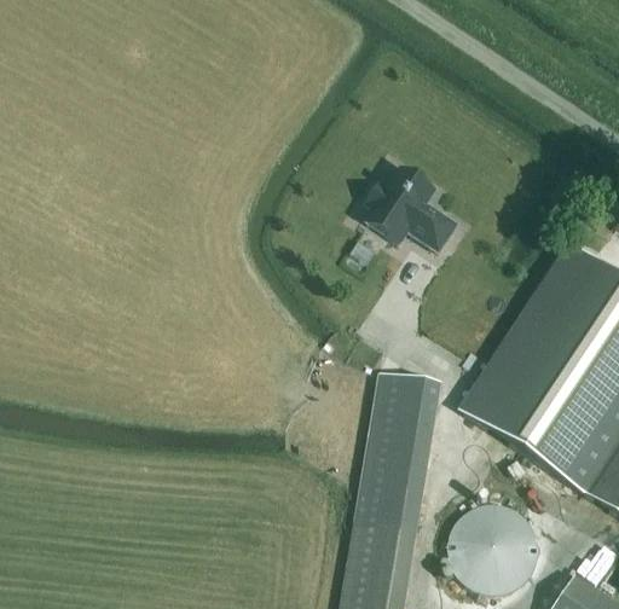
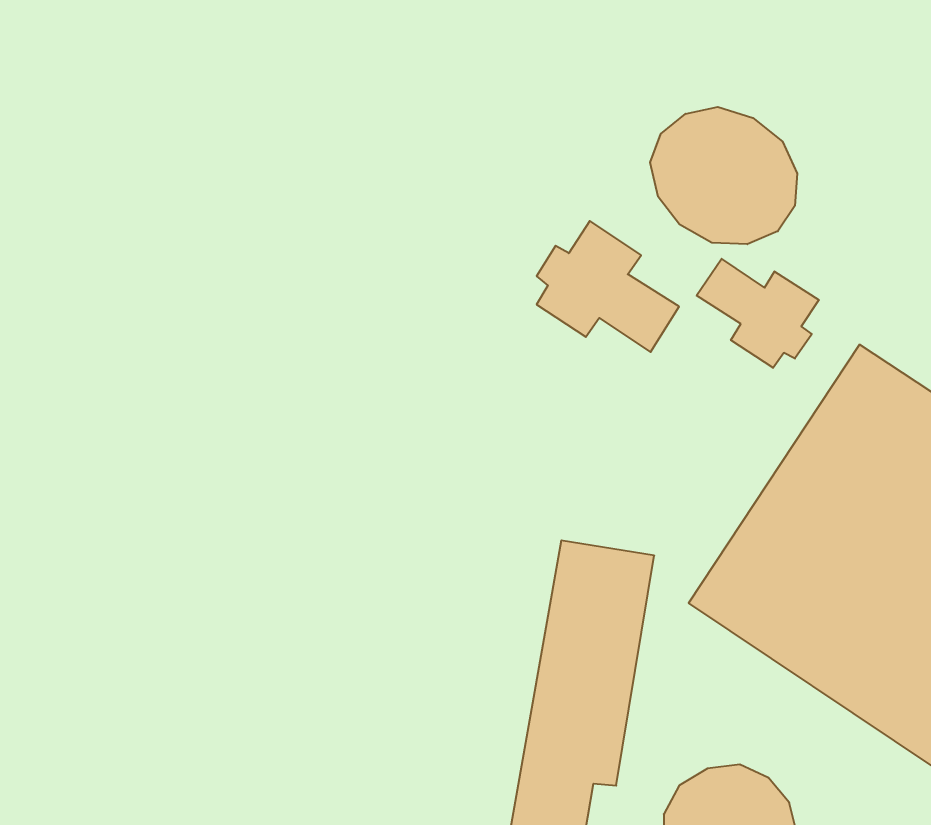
building: none -> [650,107,797,244]
building: none -> [697,259,819,368]

